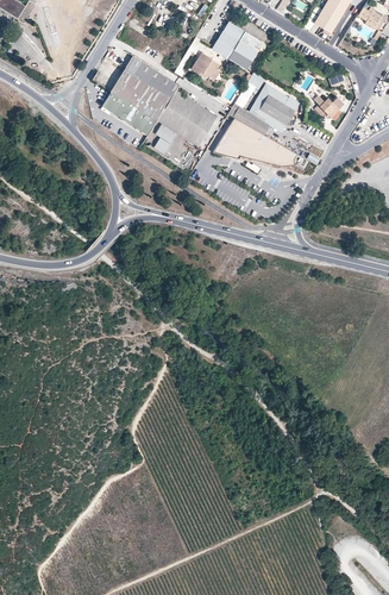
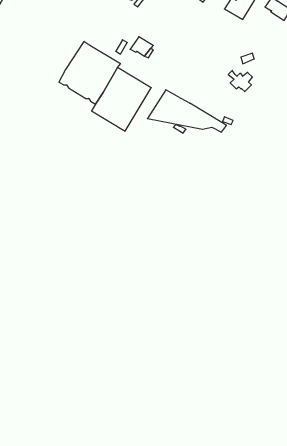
building: [213,21,263,69] -> none
building: [228,83,299,134] -> none

